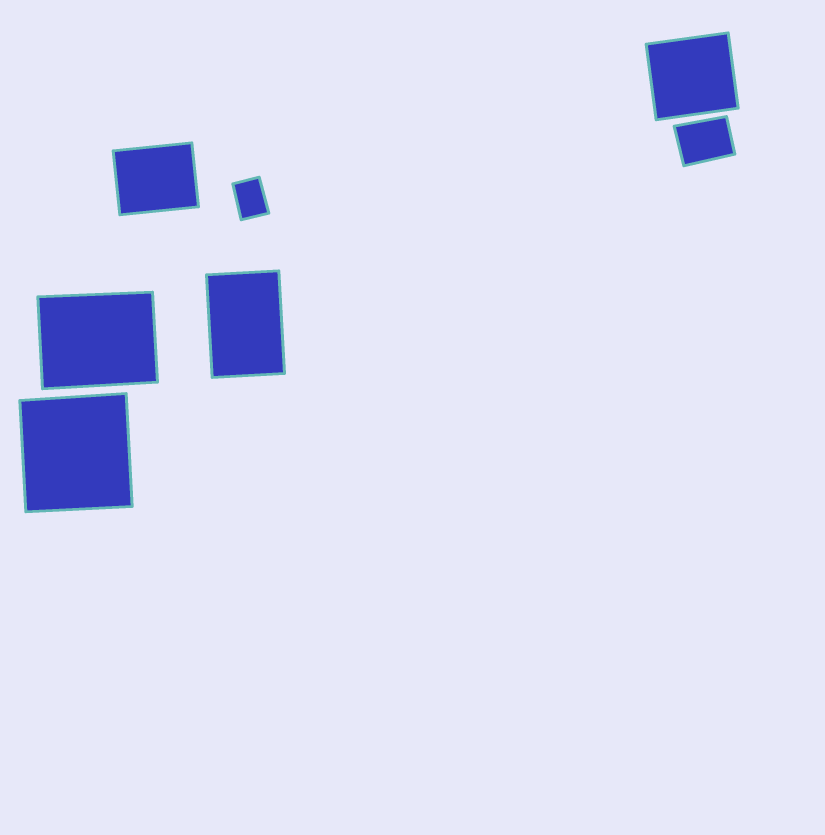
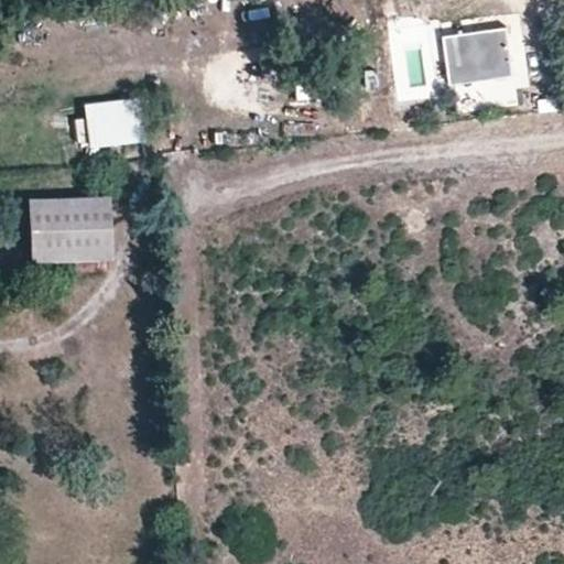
building: [207,271,284,378] -> none
building: [20,393,132,512] -> none

